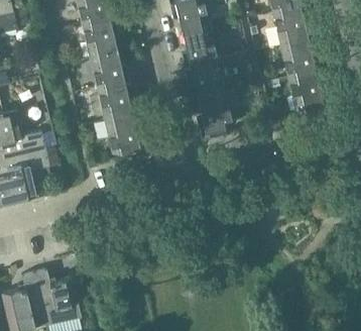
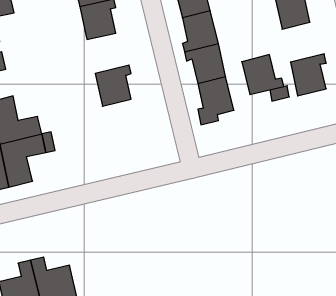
building: [280,37,322,77] -> [242,55,284,95]
building: [89,48,130,88] -> none
building: [104,113,147,154] -> none

